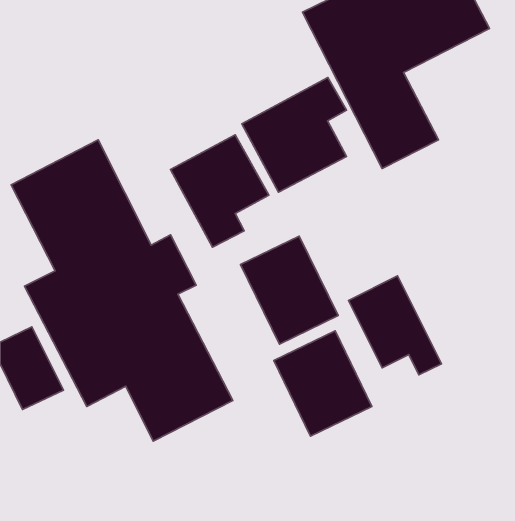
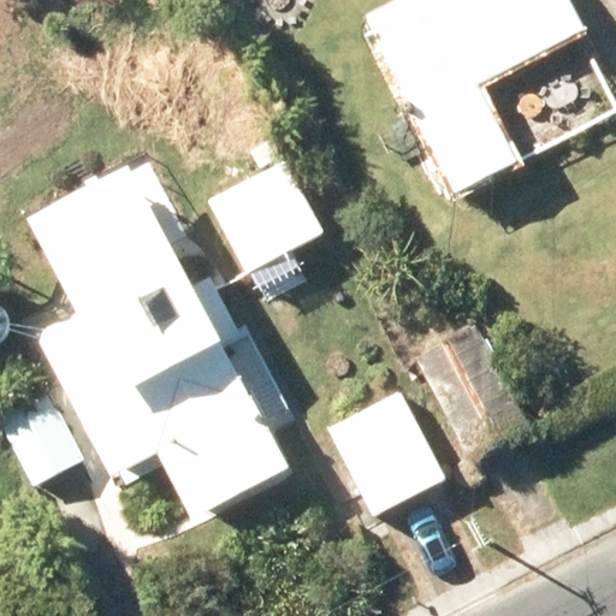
building: [242,77,347,192] -> none
building: [241,236,338,344] -> none

